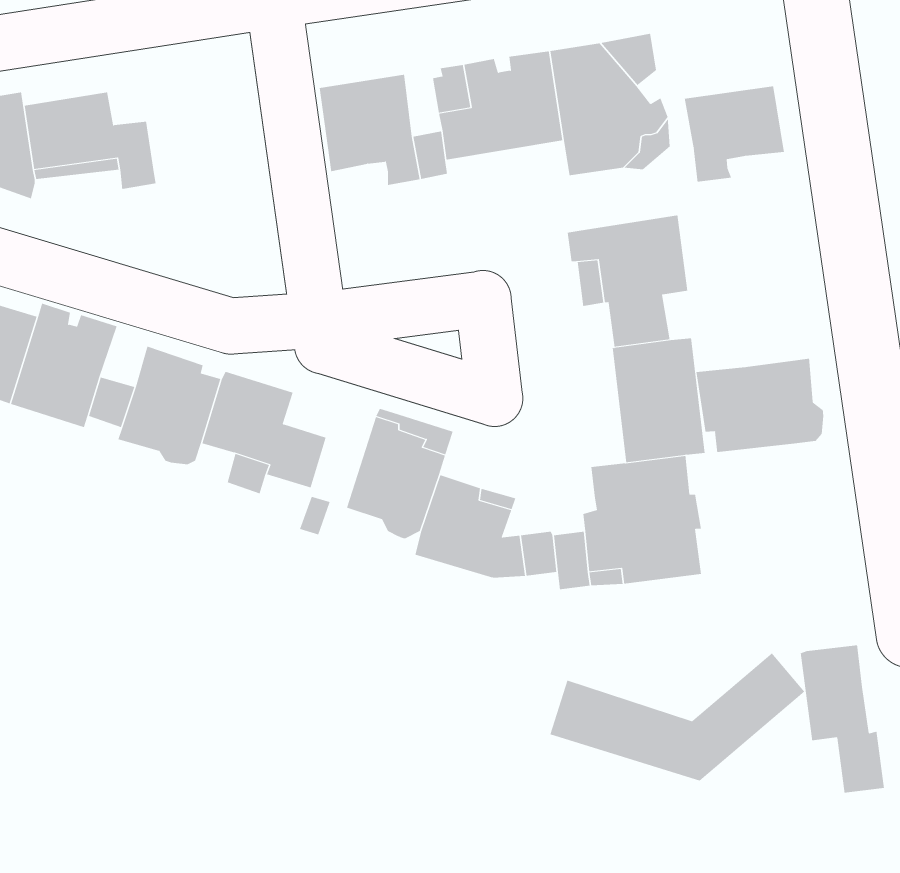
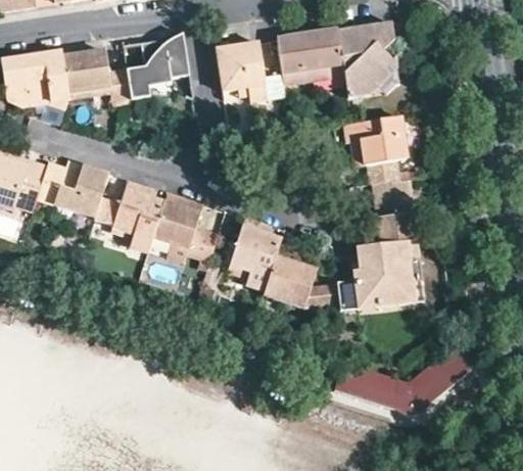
building: none -> [126,33,188,94]
building: [684,85,784,183] -> none
building: [696,358,824,453] -> none
building: [800,644,884,793] -> none

